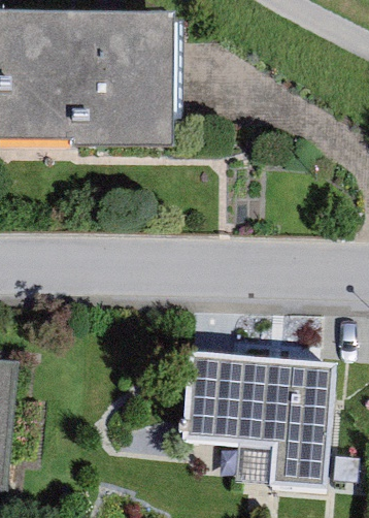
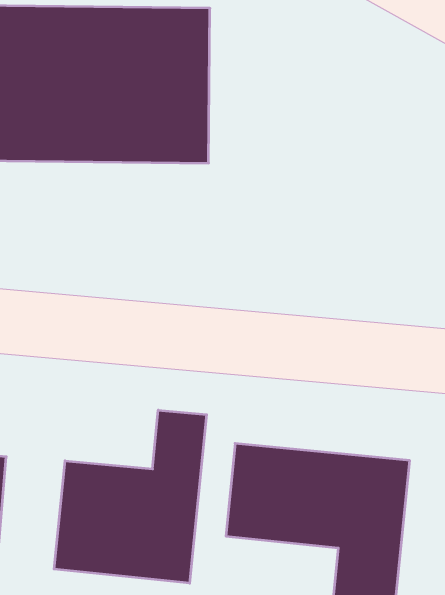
building: none -> [54,410,207,583]

